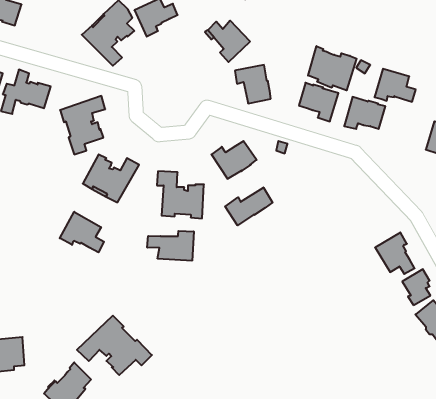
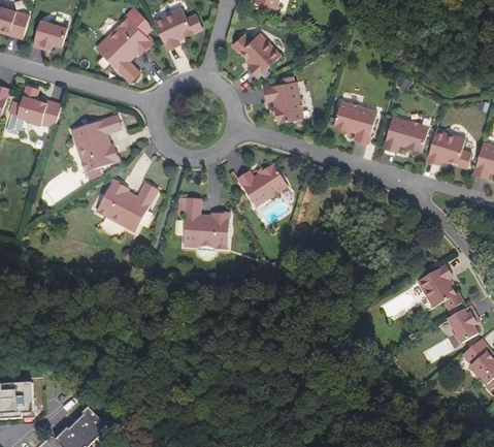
building: none -> [32,20,67,49]
building: [308,46,357,90] -> none
building: [374,69,416,102] -> [426,129,471,165]
building: [225,187,273,225] -> none
building: [60,212,104,252] -> none
building: [147,231,194,261] -> none
building: [77,316,152,375] -> none

